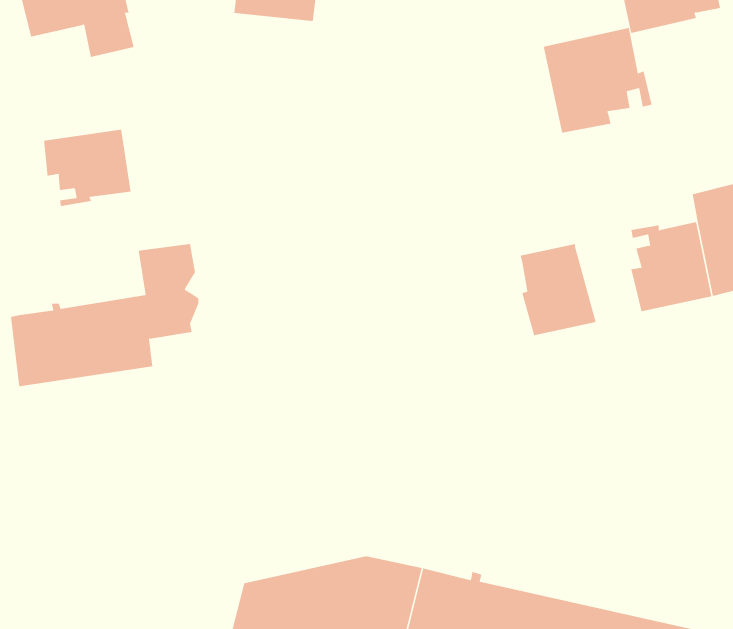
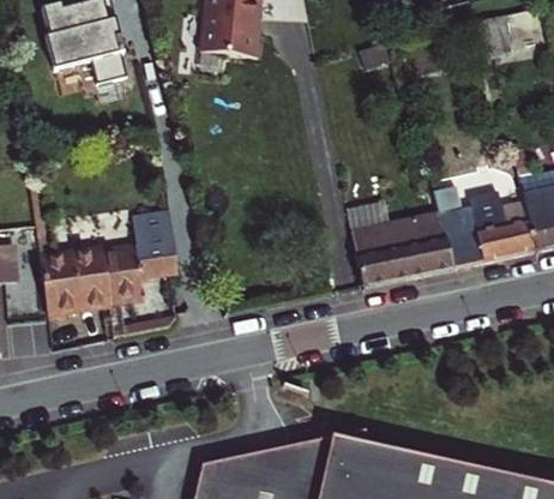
building: [543,27,652,133] -> none
building: [43,129,131,207] -> none
building: none -> [349,202,409,287]
building: none -> [439,203,490,267]

